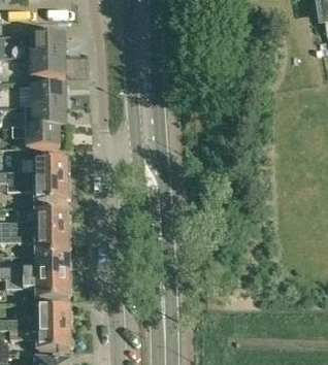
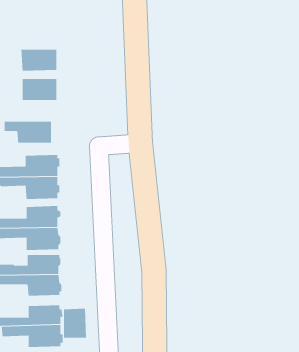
building: [22,34,65,55] -> none
building: [25,105,65,126] -> none
building: none -> [63,308,87,338]

